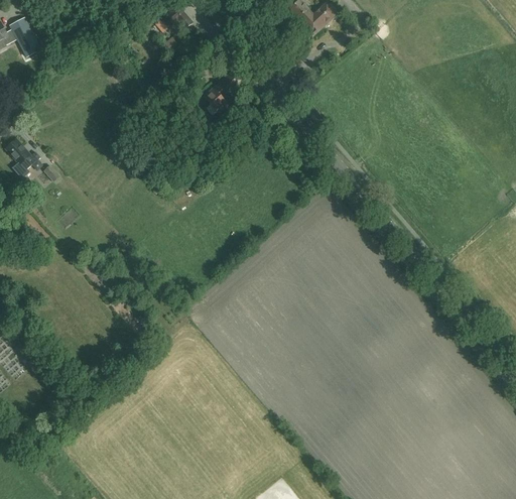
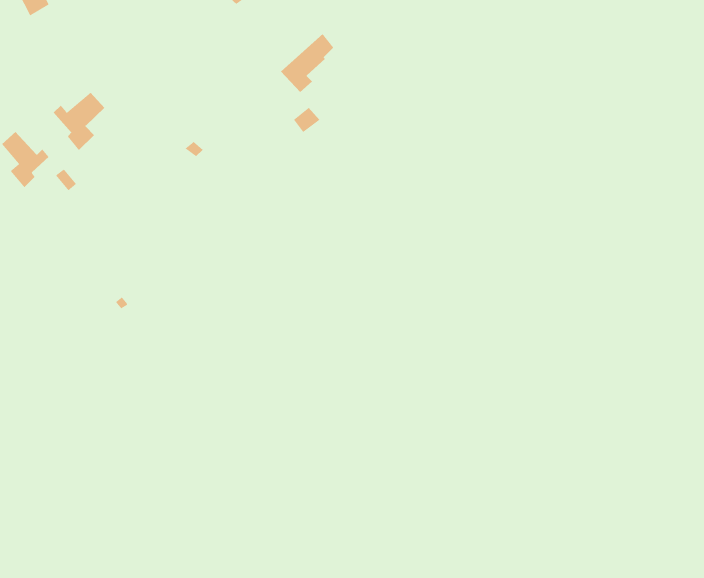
building: none -> [53,92,105,151]

